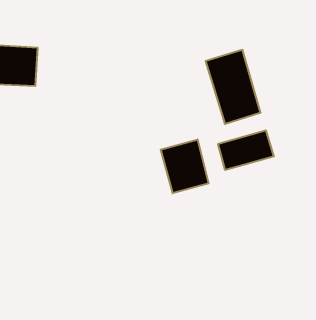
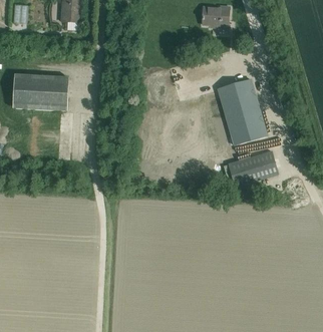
building: [161,139,209,193] -> none

